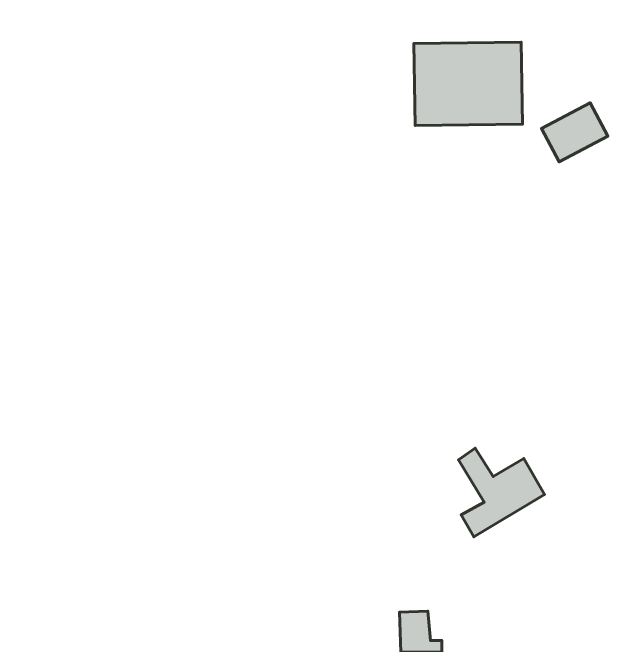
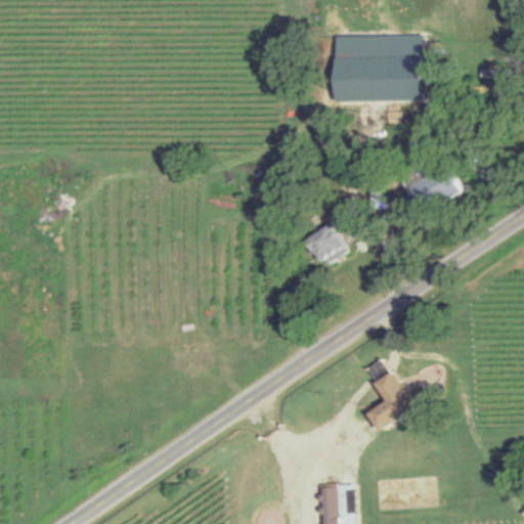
building: [541,103,608,162] -> [404,164,457,211]
building: none -> [308,224,347,263]

